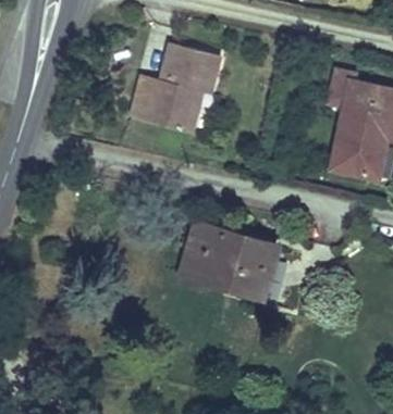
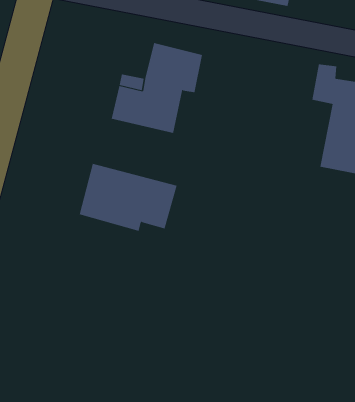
building: [185,233,281,299] -> [79,163,177,231]

